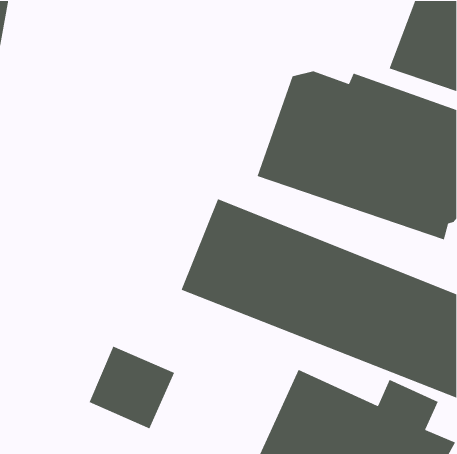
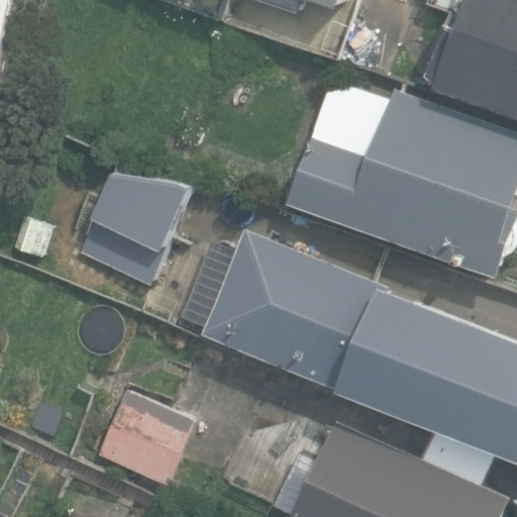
building: none -> [78,175,190,289]

